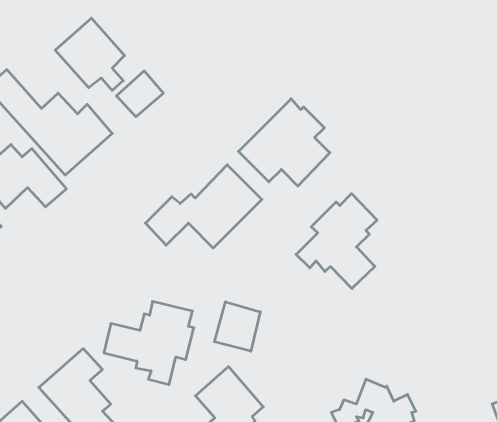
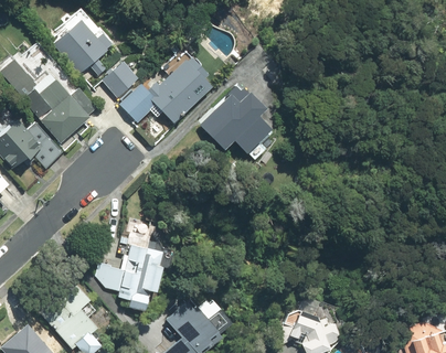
building: [145,165,262,248] -> [120,58,213,125]
building: [296,194,377,289] -> none
building: [214,302,260,351] -> none

